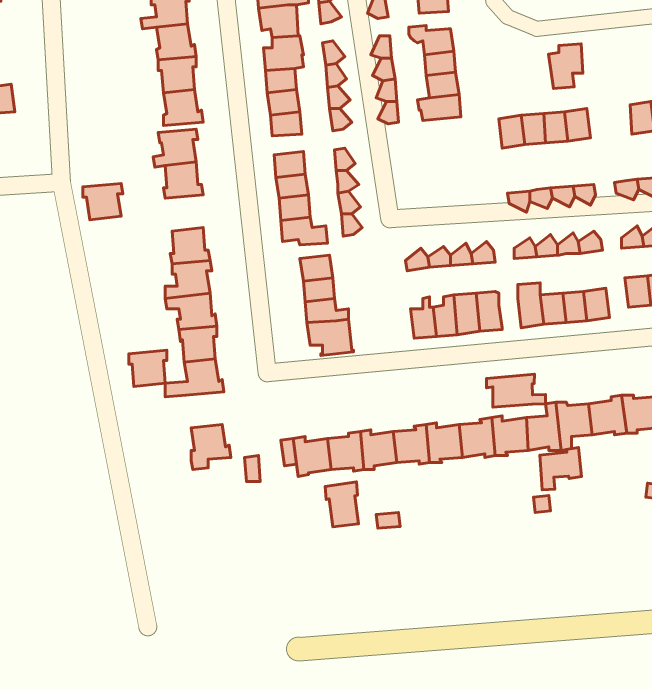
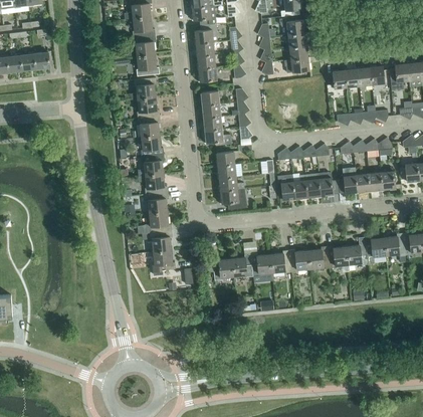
building: [548,44,583,89] -> [389,64,409,90]
building: [83,183,123,220] -> [138,117,161,138]
building: [129,350,167,387] -> [150,231,172,252]
building: [486,374,546,407] -> none
building: [540,448,582,490] -> none
building: [325,482,359,527] -> none

